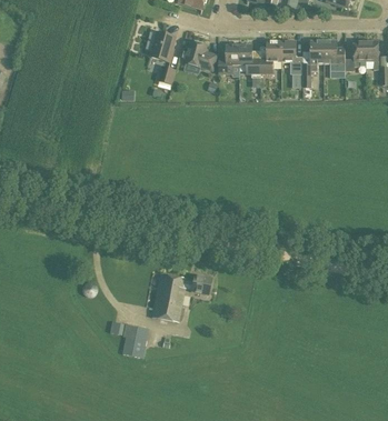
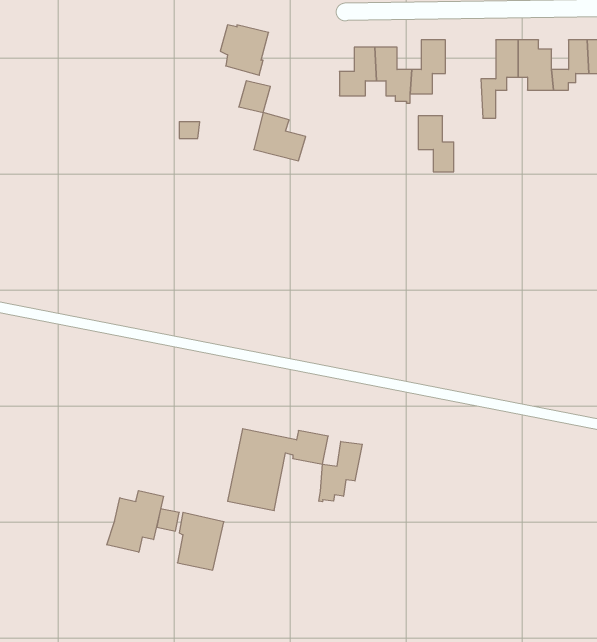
building: [185,40,216,69] -> [254,112,306,161]
building: [280,40,301,73] -> [418,116,454,172]
building: none -> [319,441,362,502]
building: none -> [107,491,163,552]

